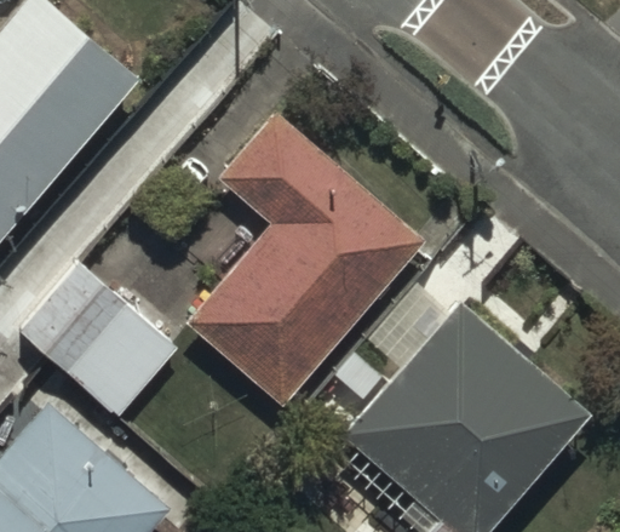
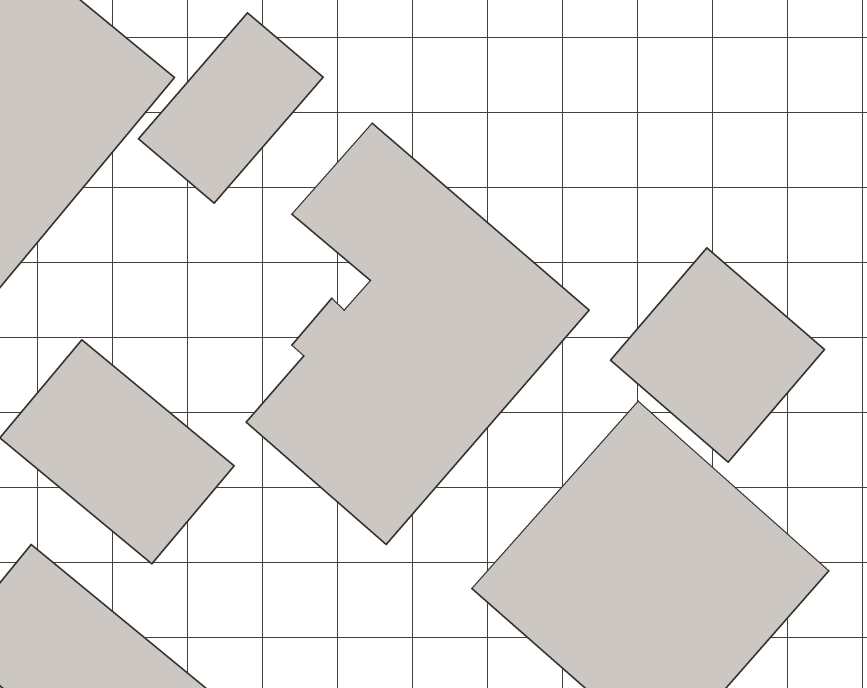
building: none -> [138,13,323,203]
building: none -> [611,248,825,462]

